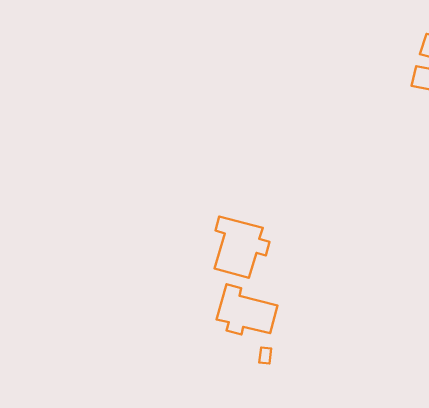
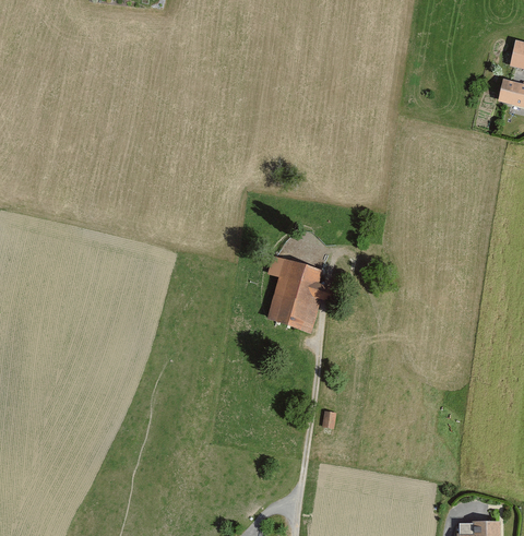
building: [217,284,277,334] -> none

